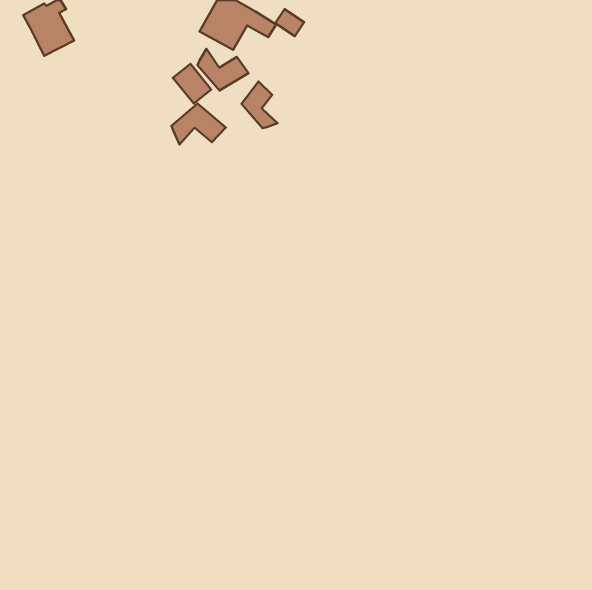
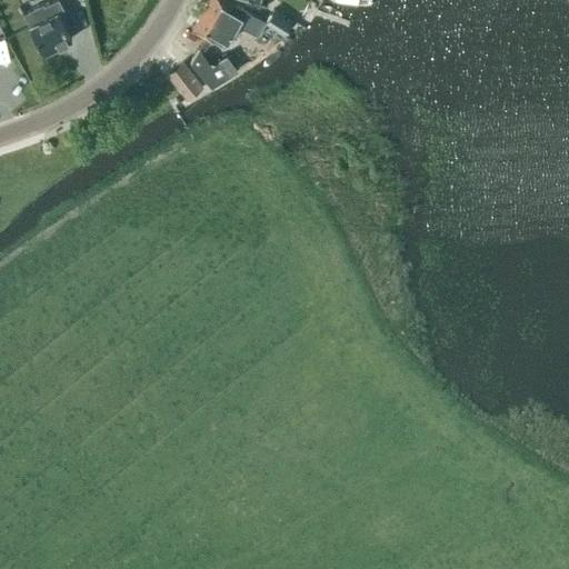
building: [241,82,277,128] -> none
building: [172,103,226,145] -> none

